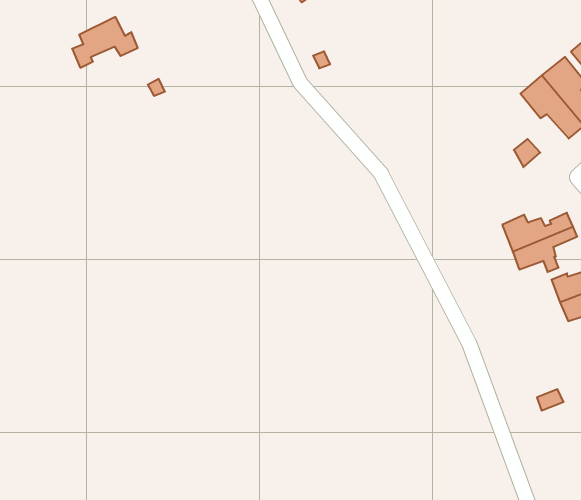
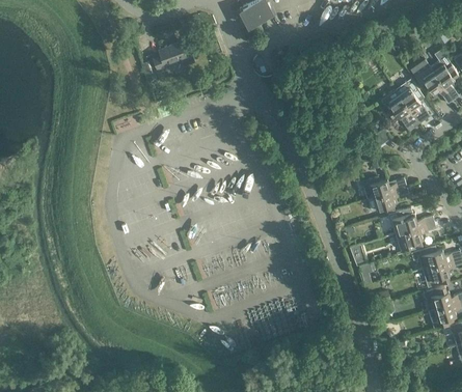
building: [72,17,138,68] -> [153,41,194,72]

